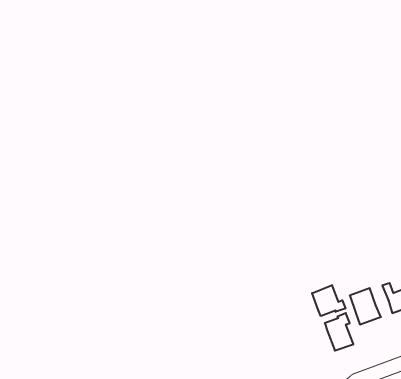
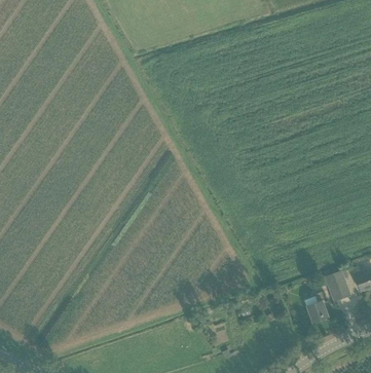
building: [312,285,345,316] -> none

